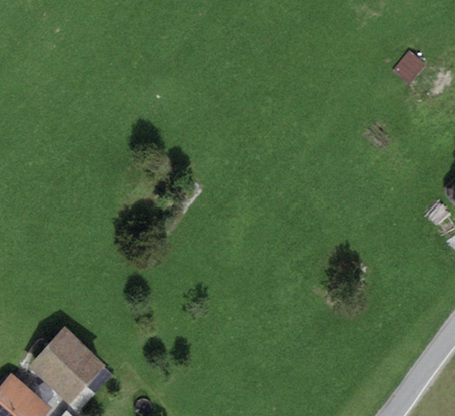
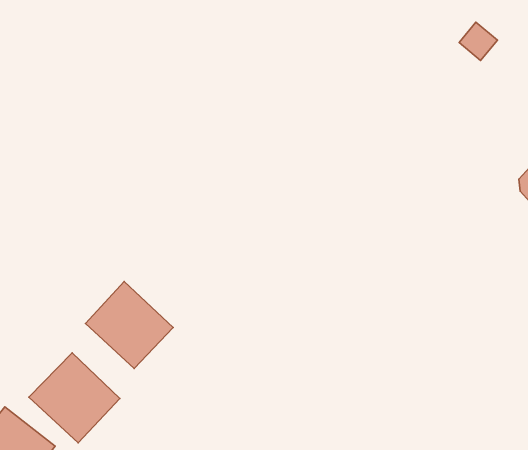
building: none -> [86,281,173,369]

